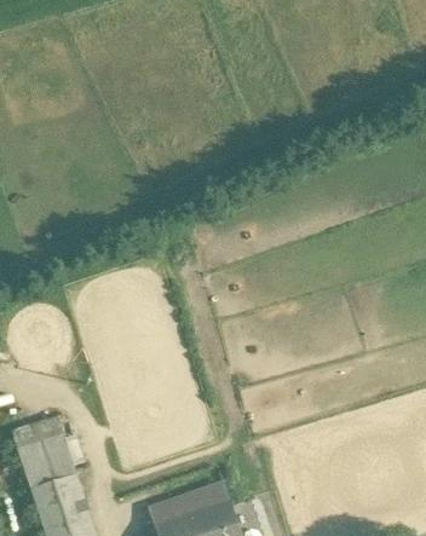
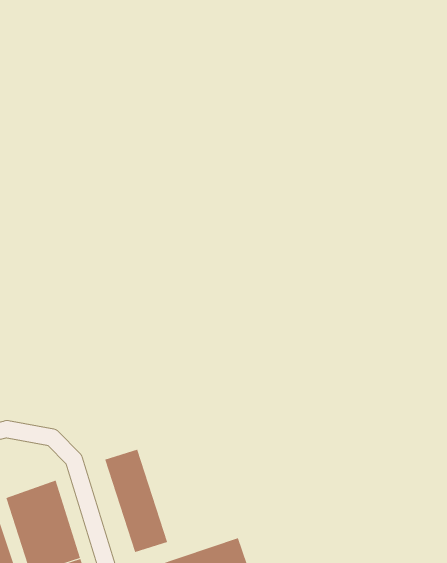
building: none -> [105,449,168,553]

